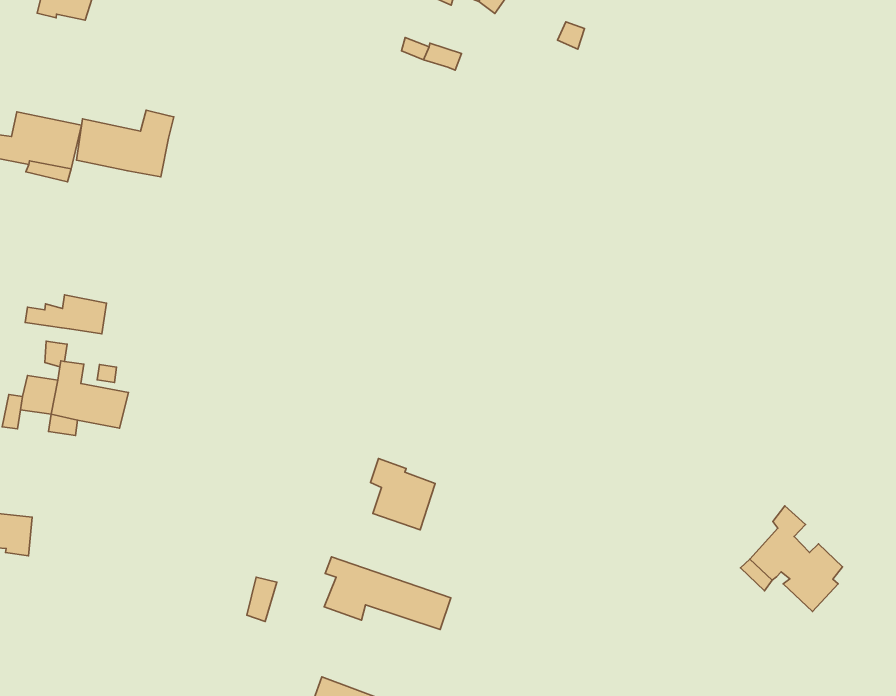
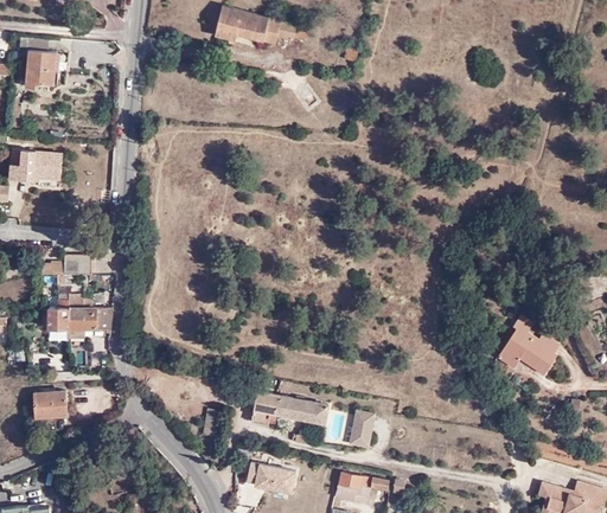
building: [77,110,174,177] -> none
building: [371,458,435,530] -> none
building: none -> [349,411,373,447]

